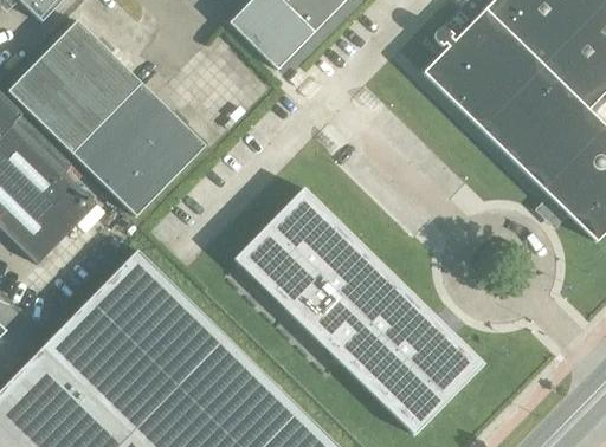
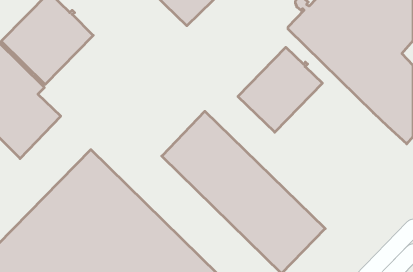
building: [70,85,205,219] -> none
building: none -> [238,47,322,132]

